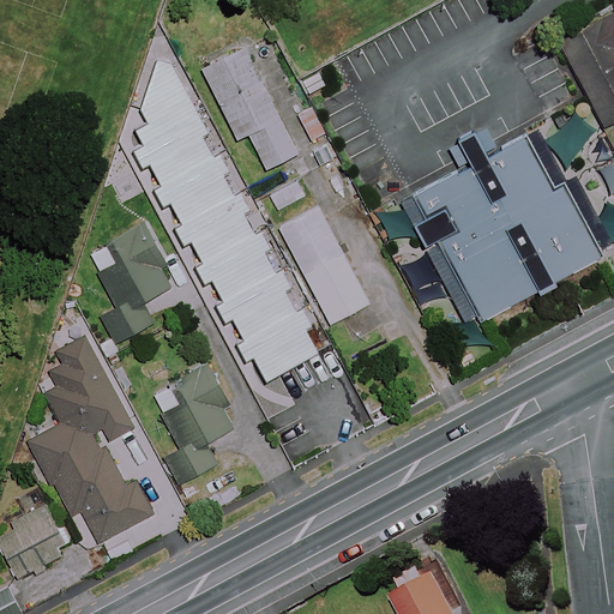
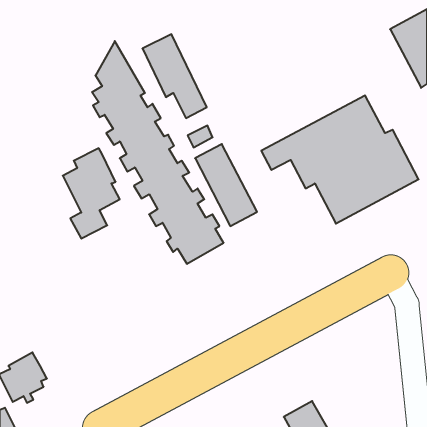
building: [30,335,152,540] -> none
building: [152,362,233,483] -> none

